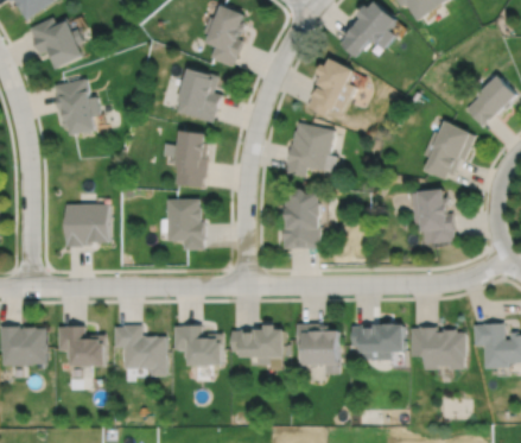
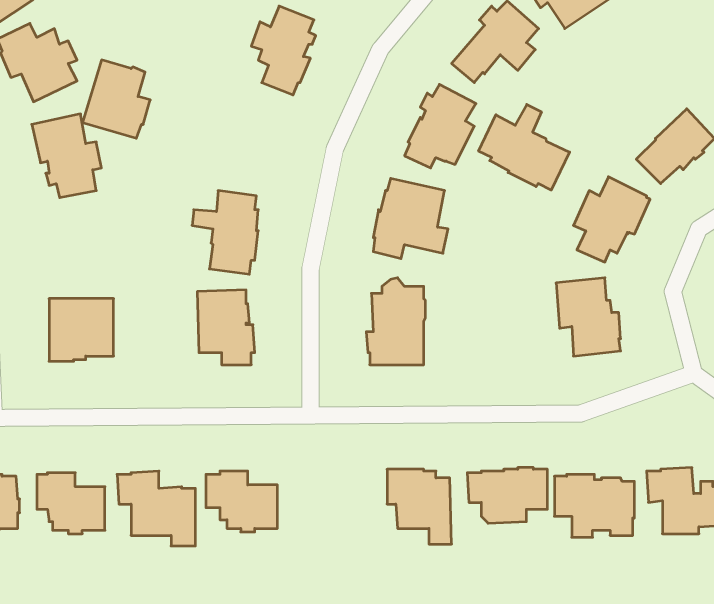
building: [176,69,222,122] -> [82,60,150,138]
building: none -> [479,104,570,190]
building: [229,322,284,363] -> none

